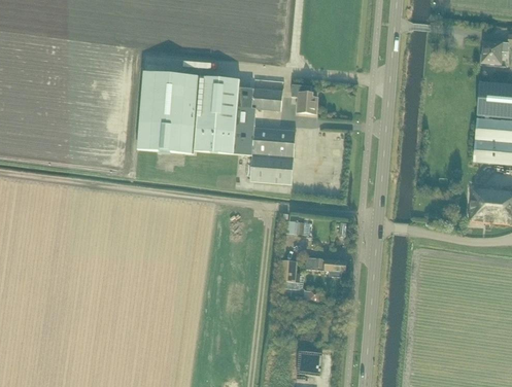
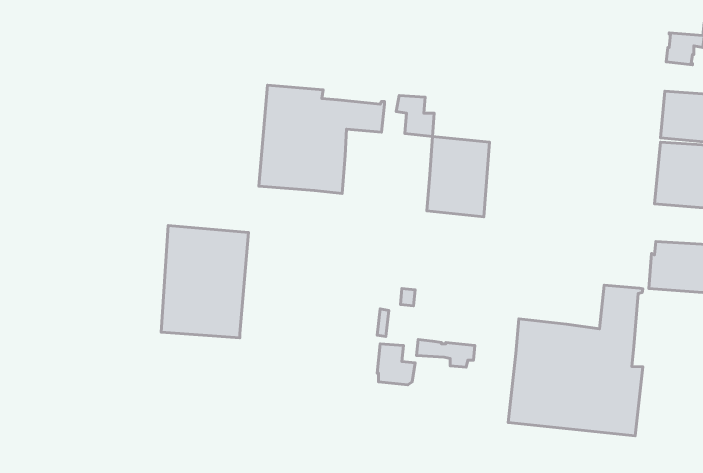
building: [138,72,200,151] -> [161,225,249,338]
building: [250,127,295,183] -> [427,136,490,217]
building: none -> [508,285,643,436]

